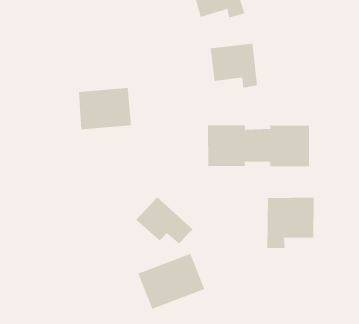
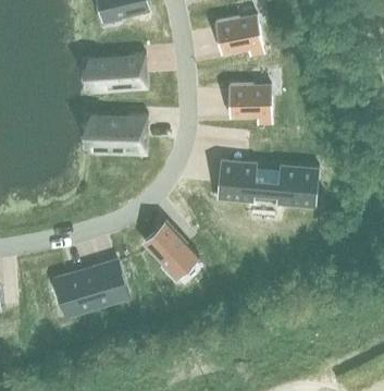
building: none -> [95,57,146,91]
building: [267,197,314,249] -> none
building: [137,253,205,310] -> [62,260,126,311]

